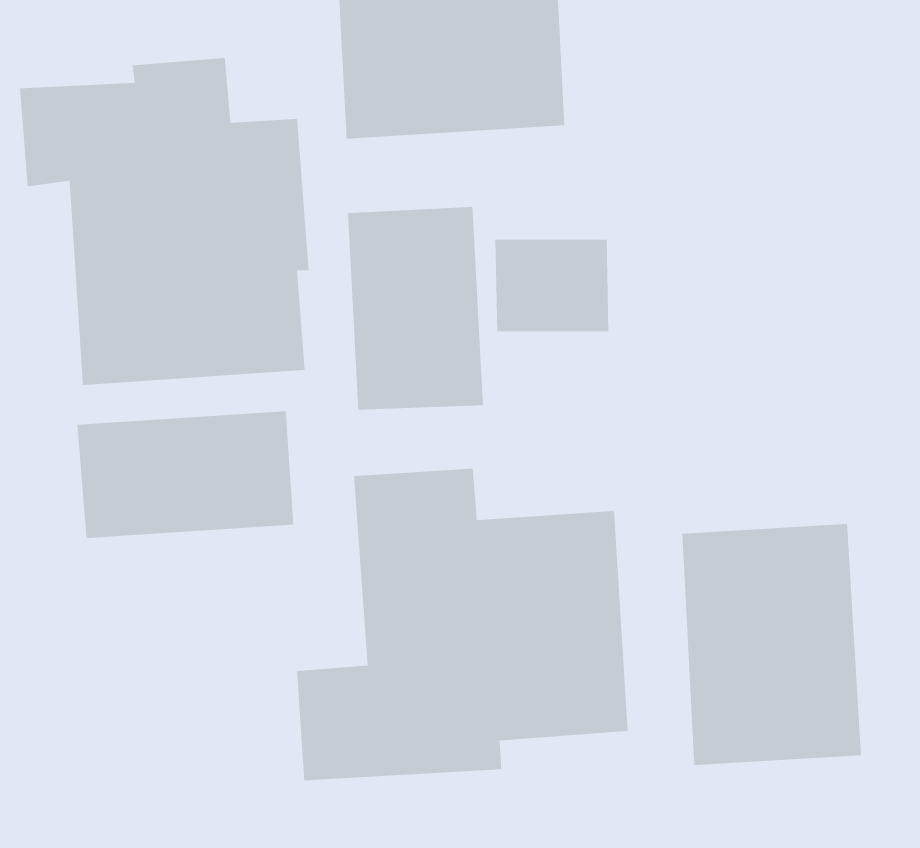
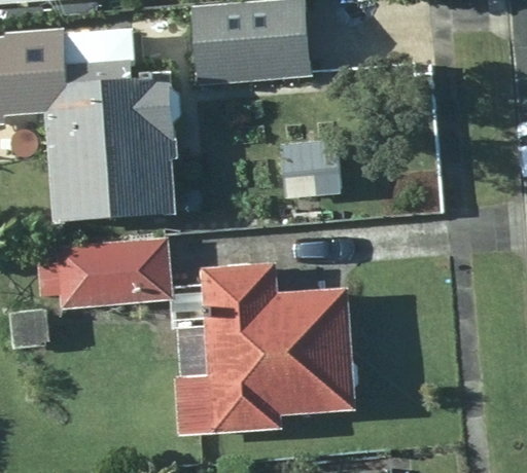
building: [347,206,484,410] -> none
building: [682,523,862,766] -> none

